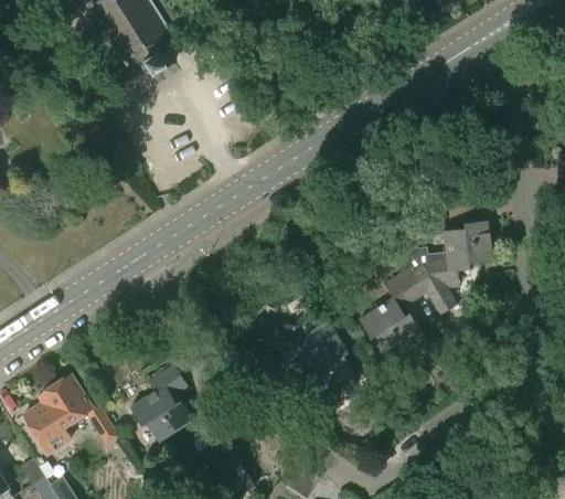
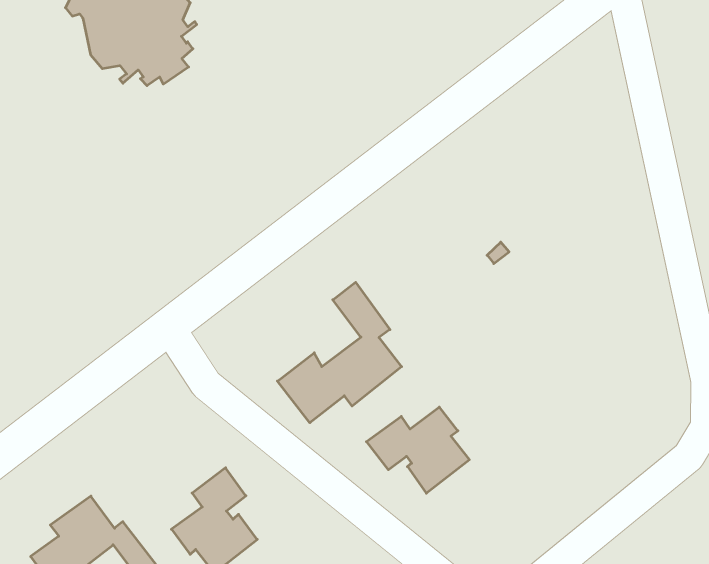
building: [359,220,489,360] -> none
building: none -> [277,282,402,423]

